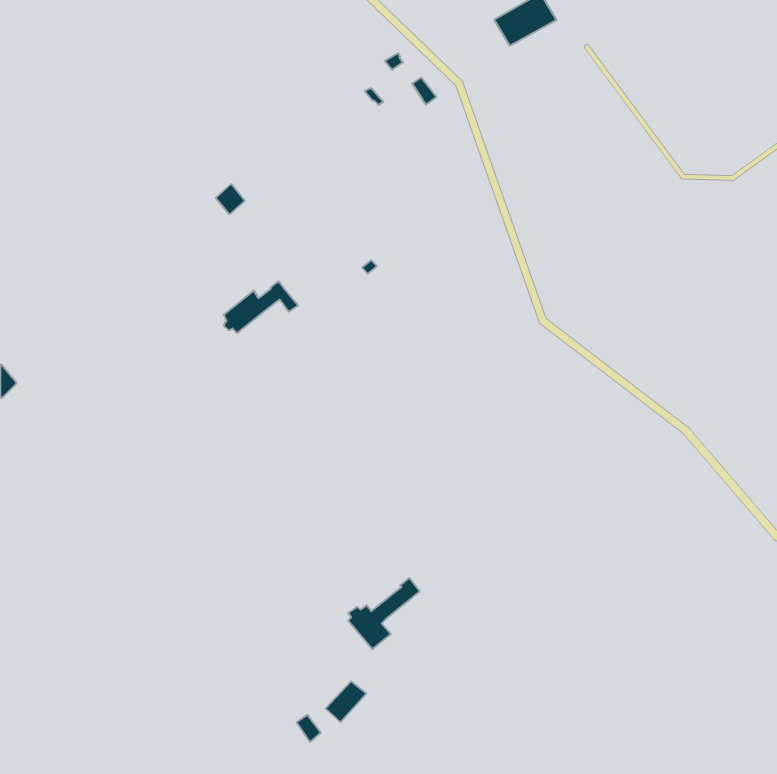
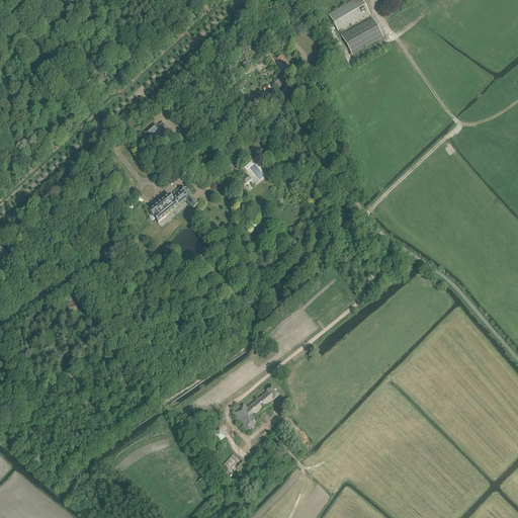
building: none -> [339,17,382,53]

